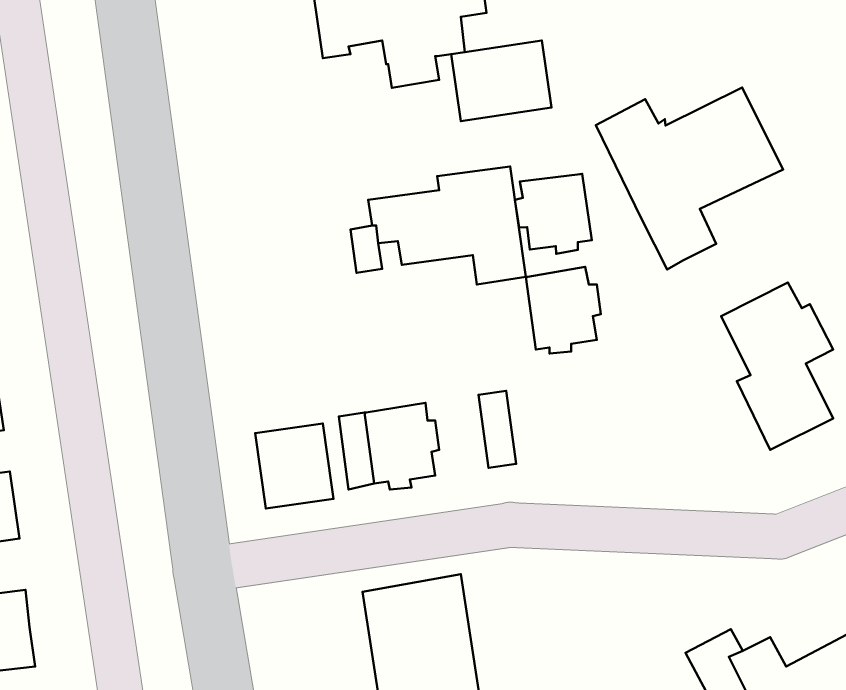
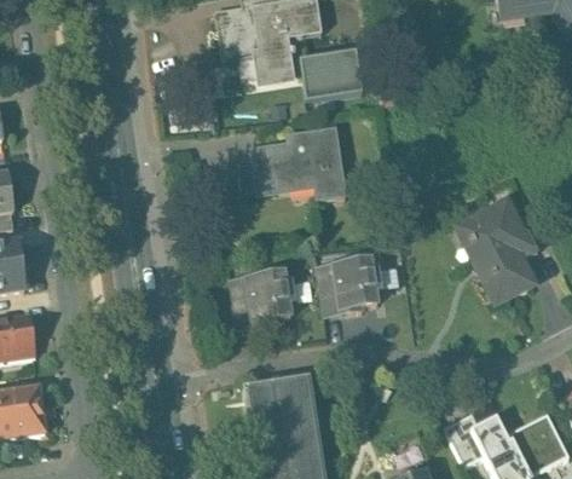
building: [596,87,783,270] -> none
building: [515,174,592,254] -> none
building: [526,267,601,354] -> [334,258,380,311]
building: [255,423,333,508] -> none

